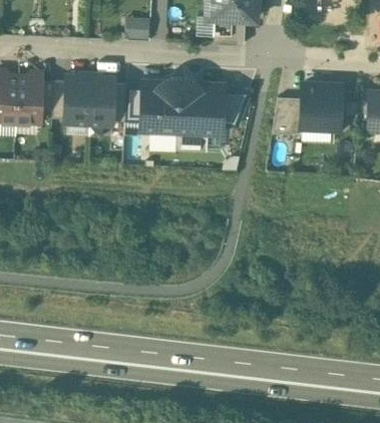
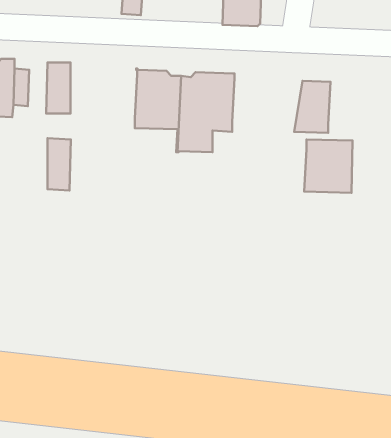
building: [87,77,106,120] -> [48,138,71,190]
building: [300,85,340,129] -> [304,139,353,193]
building: [123,86,142,123] -> none
building: [221,90,250,127] -> none

